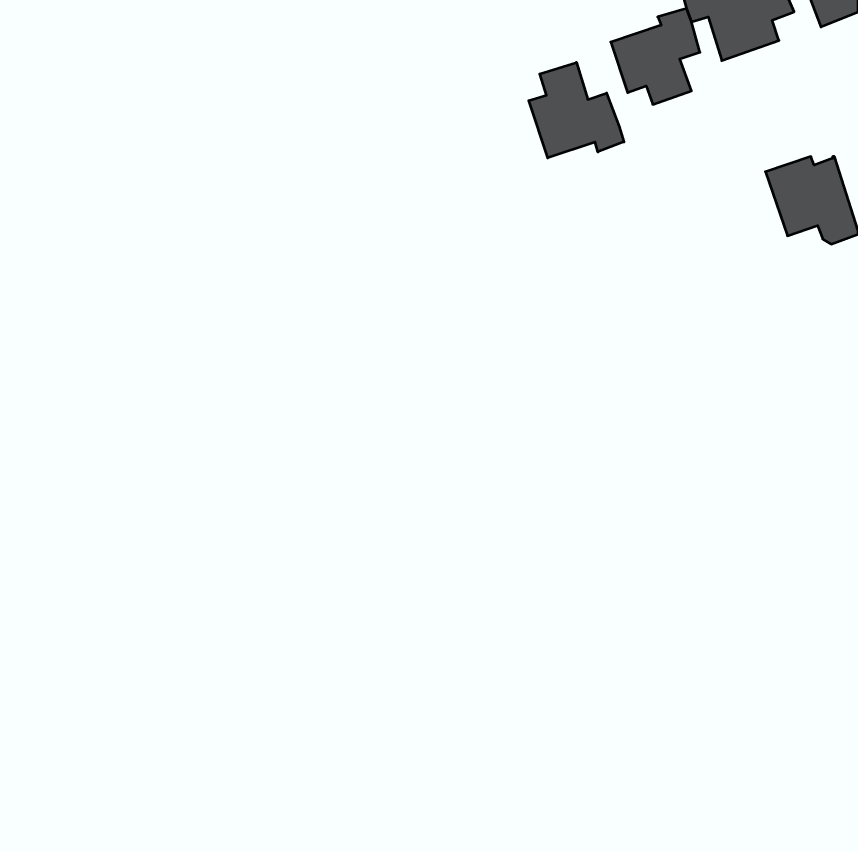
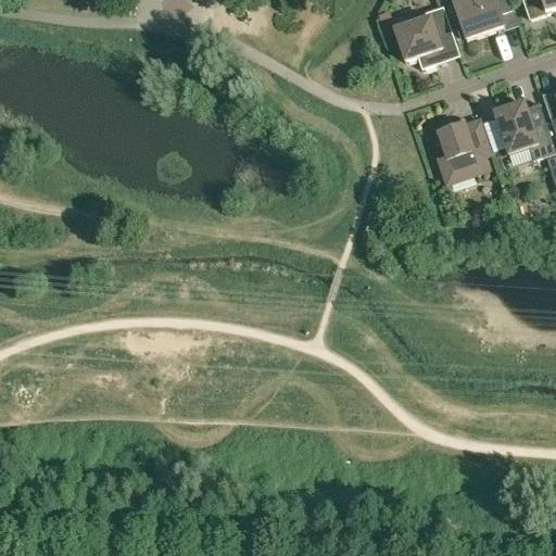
building: [529,62,624,158] -> none
building: none -> [438,117,492,182]

